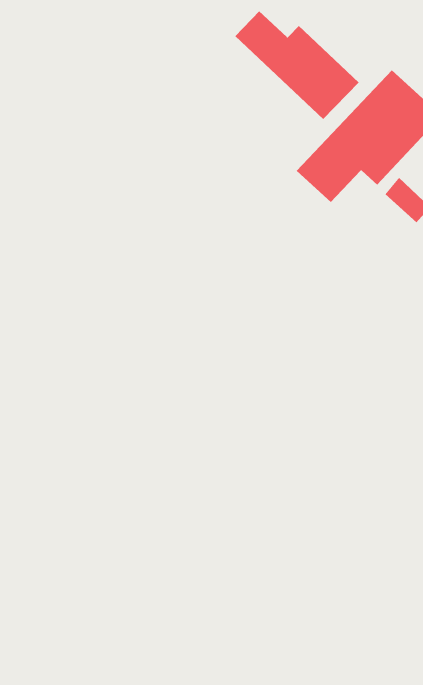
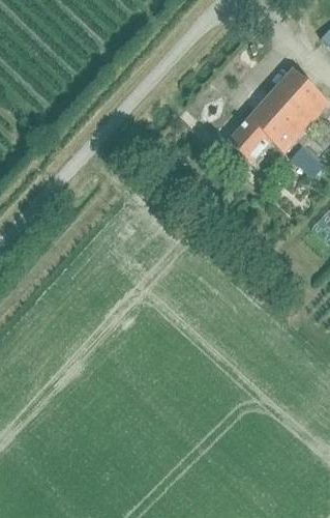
building: [234,11,359,120] -> none

